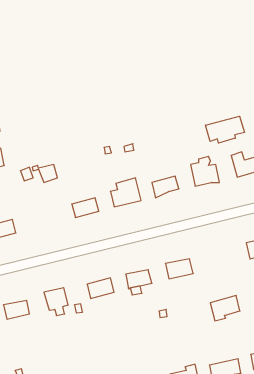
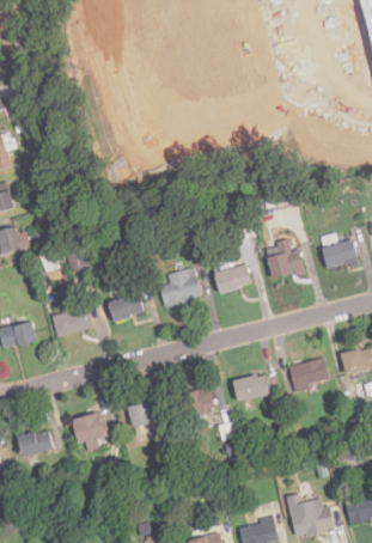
building: [206,116,244,143] -> none
building: none -> [53,301,93,336]
building: [210,296,240,321] -> [289,358,329,391]

